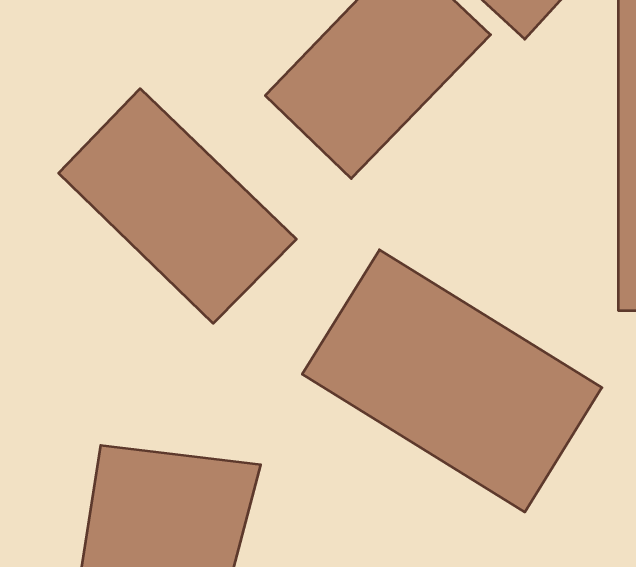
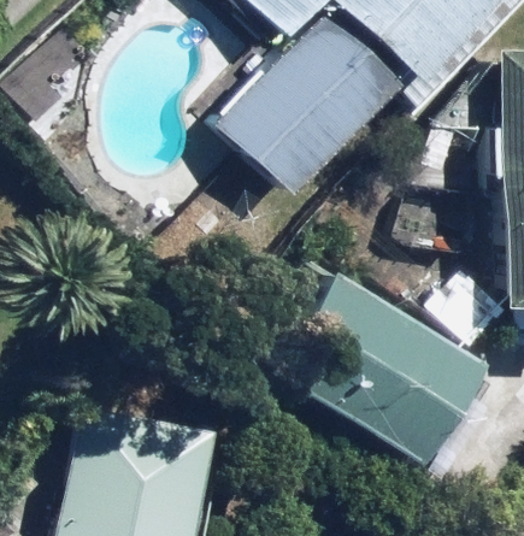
building: [59,89,296,323] -> none

